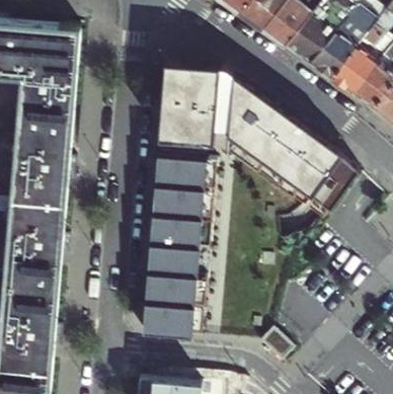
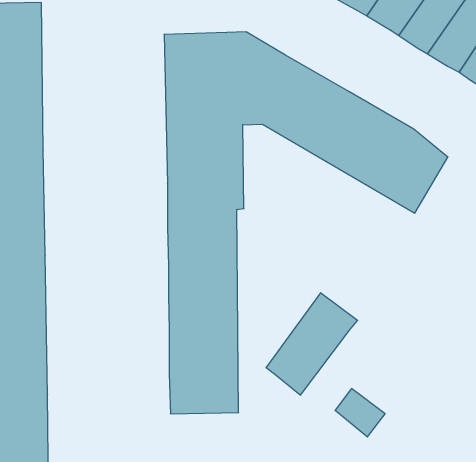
building: none -> [266,293,358,395]

